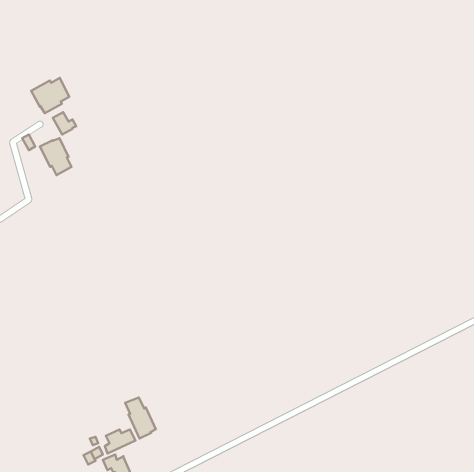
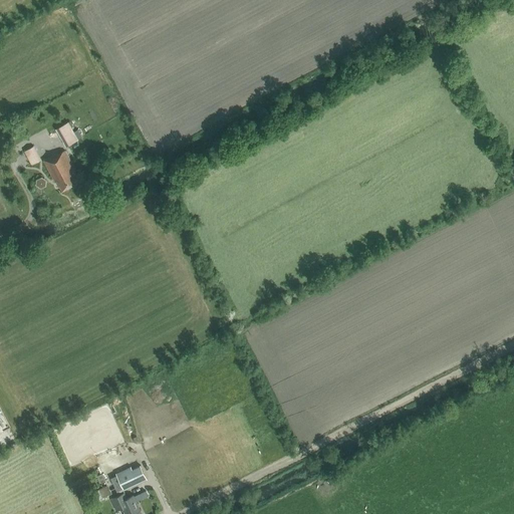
building: [31,78,69,113] -> none
building: [125,398,156,438] -> none

